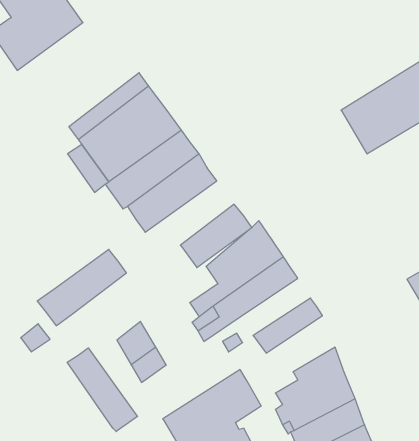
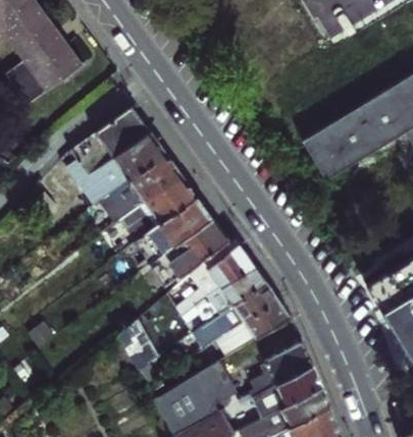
building: [37,249,126,326] -> [138,202,215,268]
building: none -> [220,286,281,336]
building: [67,348,138,432] -> none

